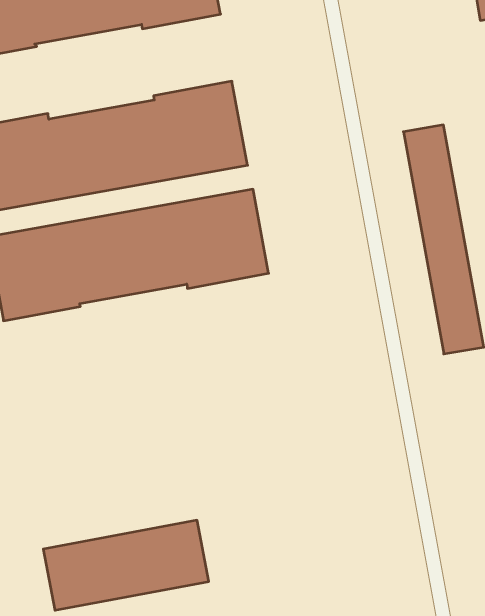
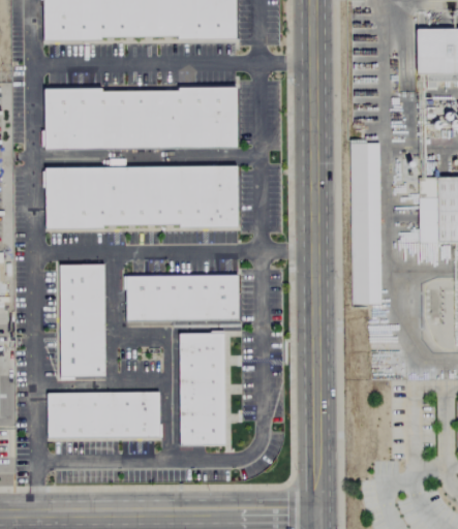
building: none -> [125,275,238,321]
building: none -> [60,264,105,376]
building: none -> [179,333,224,446]

